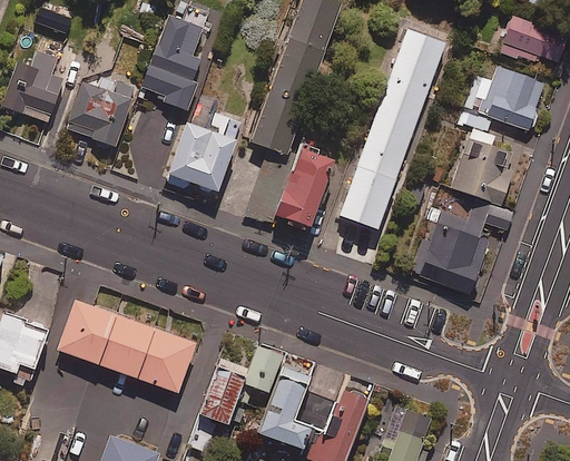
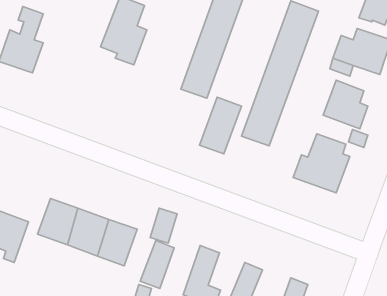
building: [69,84,135,150] -> none
building: [166,112,245,202] -> none
building: [245,343,282,391] -> [150,208,177,243]

